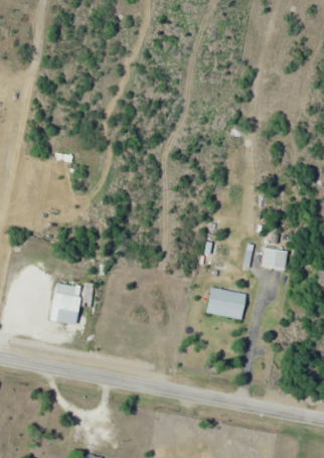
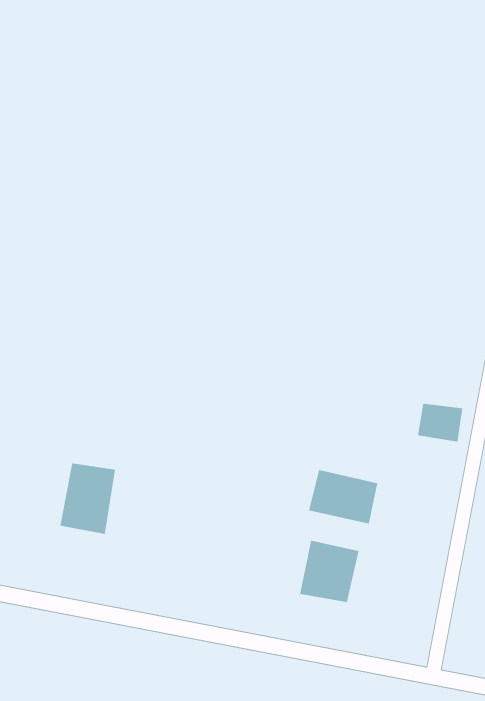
building: none -> [300,540,359,603]

